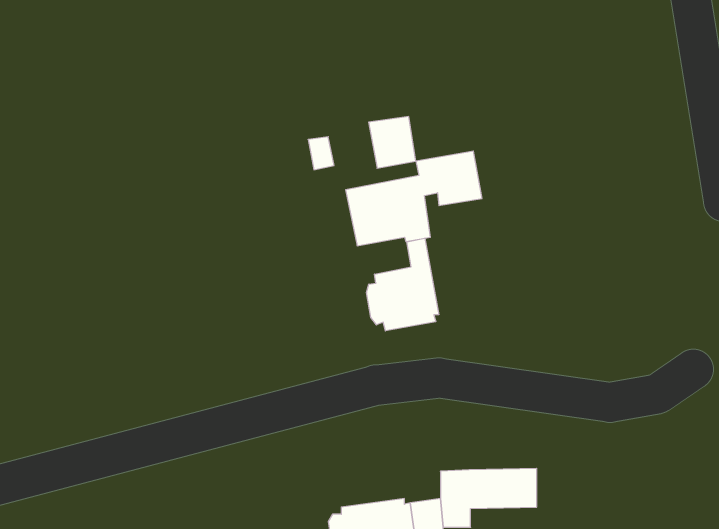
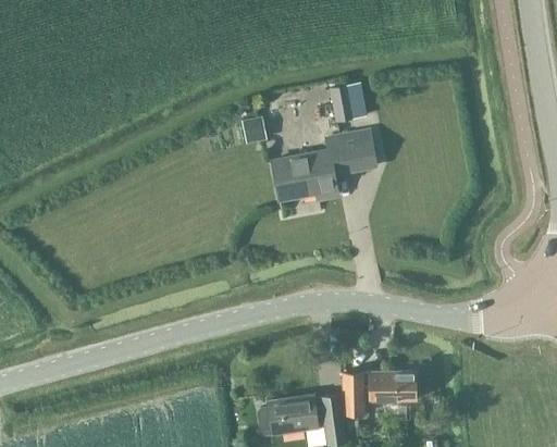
building: [369,117,416,168] -> [332,83,368,122]
building: [367,238,439,331] -> none

